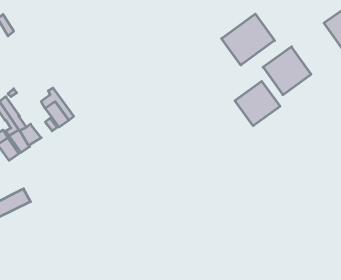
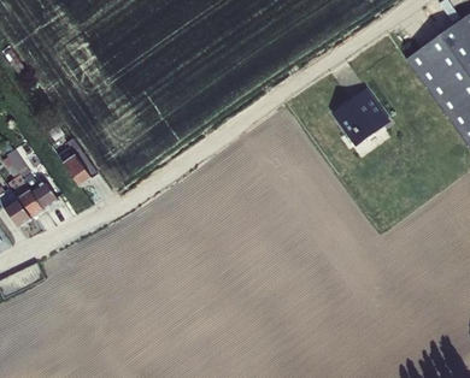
building: [222,14,275,65] -> none
building: [235,81,280,126] -> none

